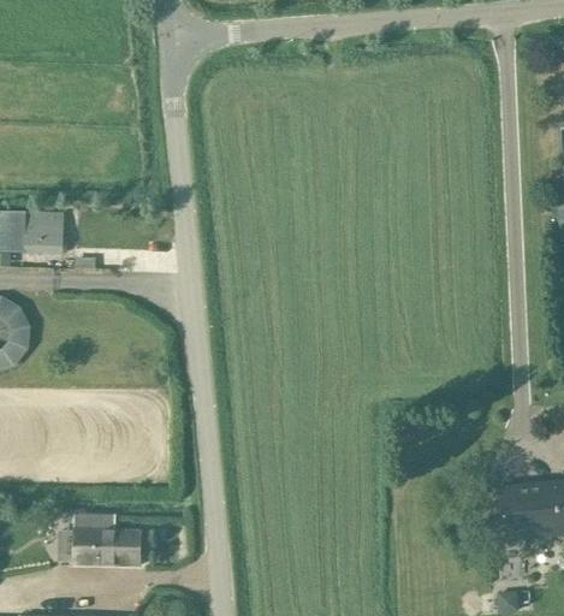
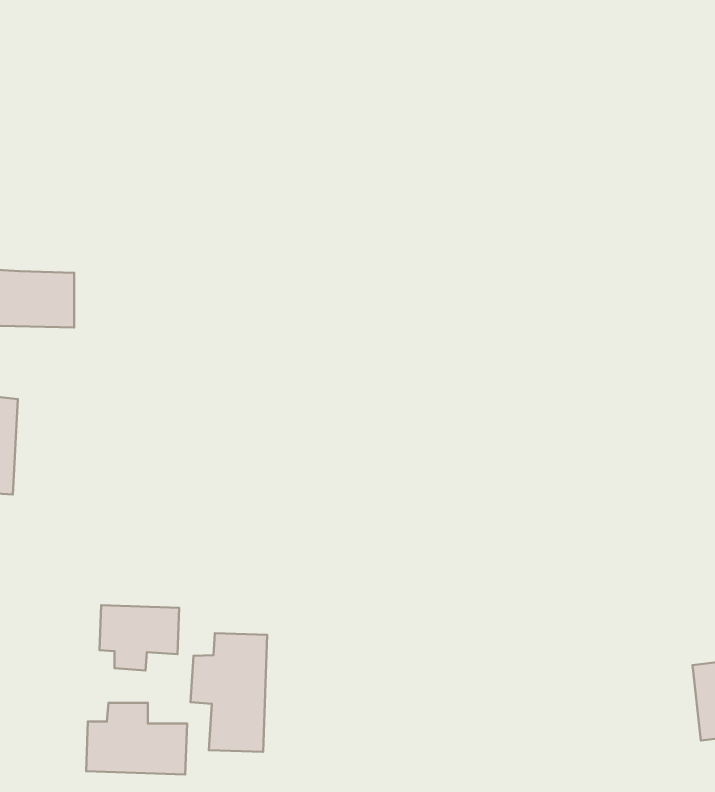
building: none -> [100,605,179,671]
building: none -> [190,633,267,752]

